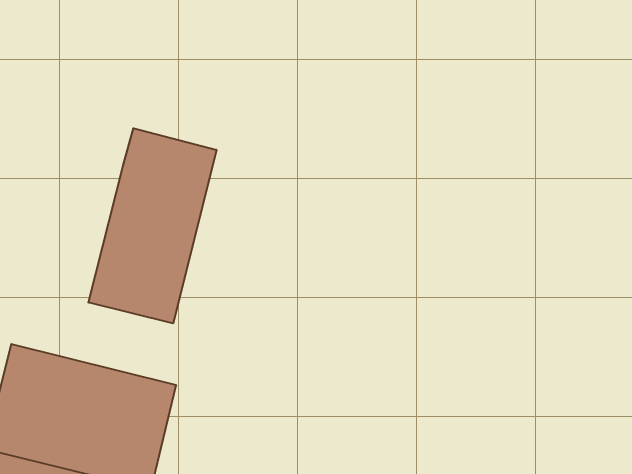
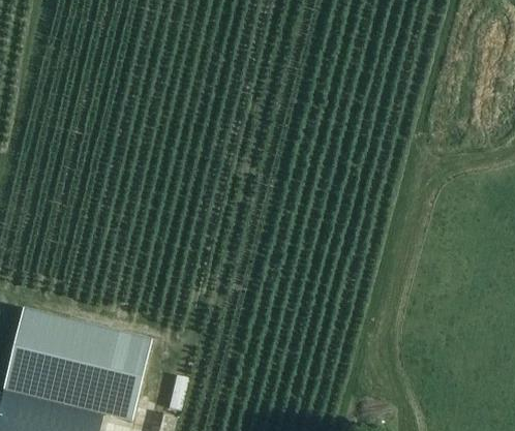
building: [88,128,216,323] -> none

